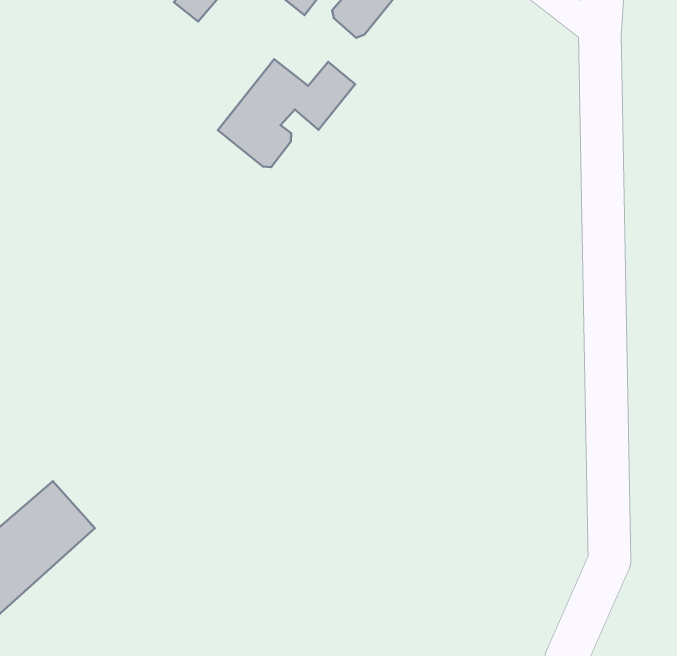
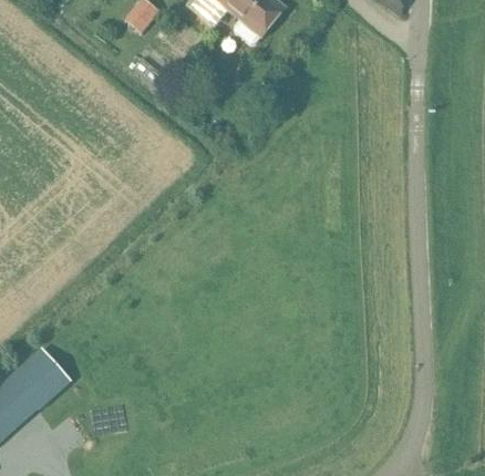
building: [218,59,355,167] -> none

